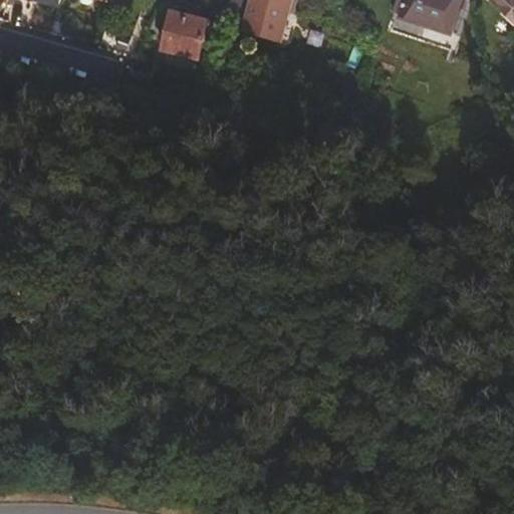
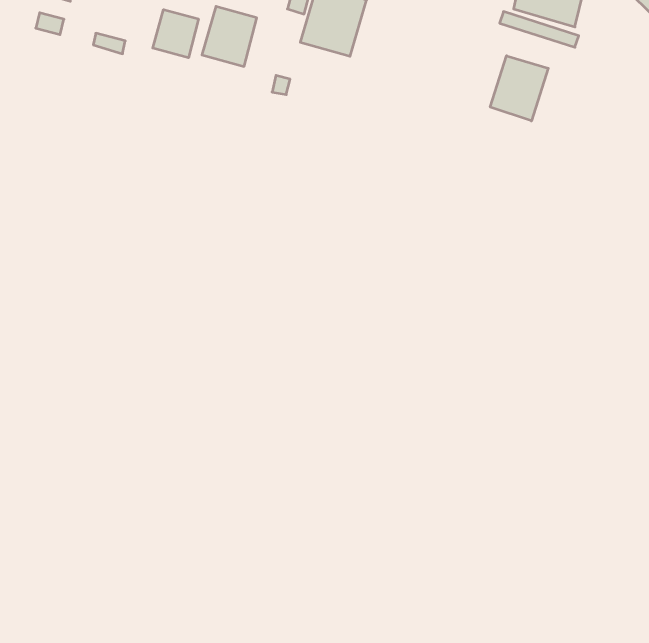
building: none -> [153,10,198,58]
building: none -> [490,56,548,121]

